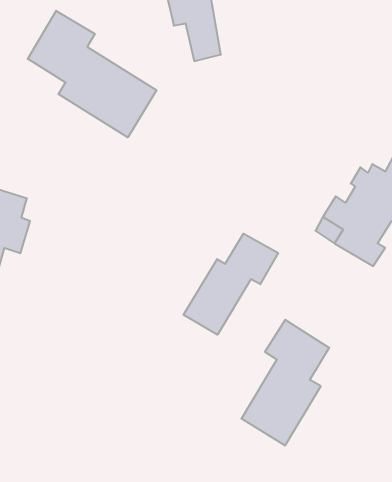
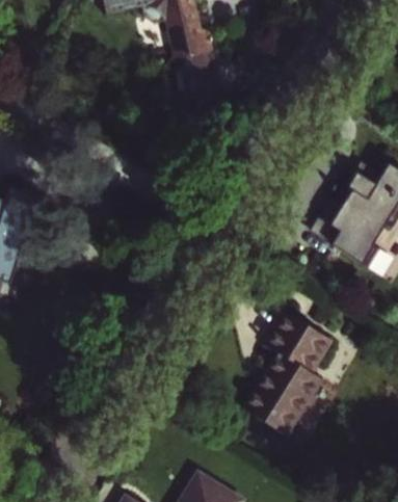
building: [28,11,157,137] -> none
building: [184,234,278,335] -> none

